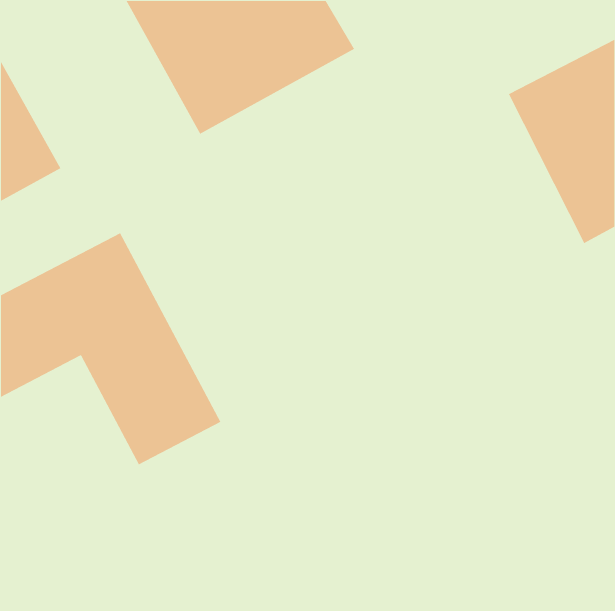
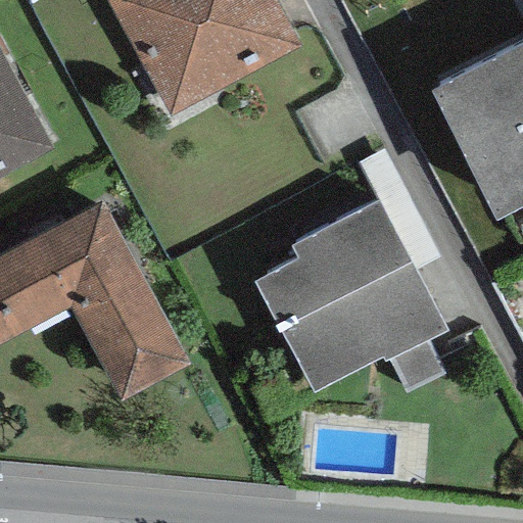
building: none -> [254,197,446,392]

